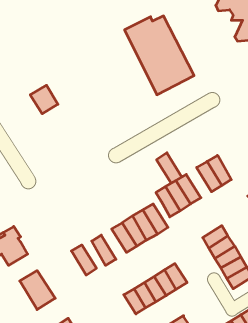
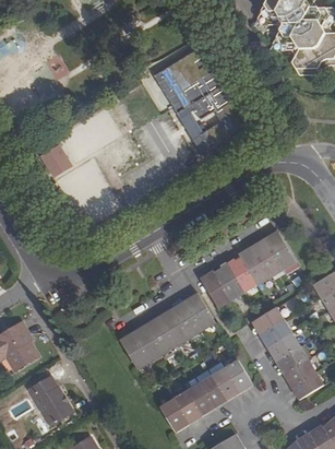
building: [157,153,182,183] -> [238,247,270,285]
building: none -> [251,307,283,335]
building: [71,245,96,275] -> [131,324,163,363]
building: none -> [224,361,252,392]

